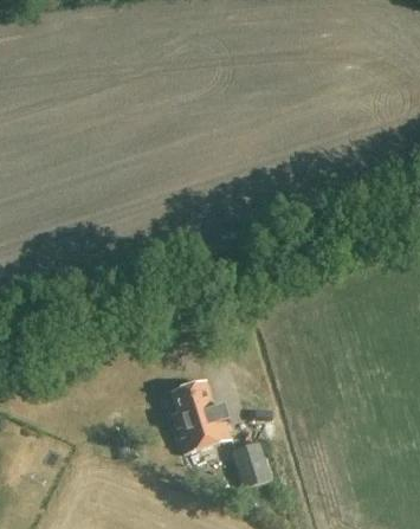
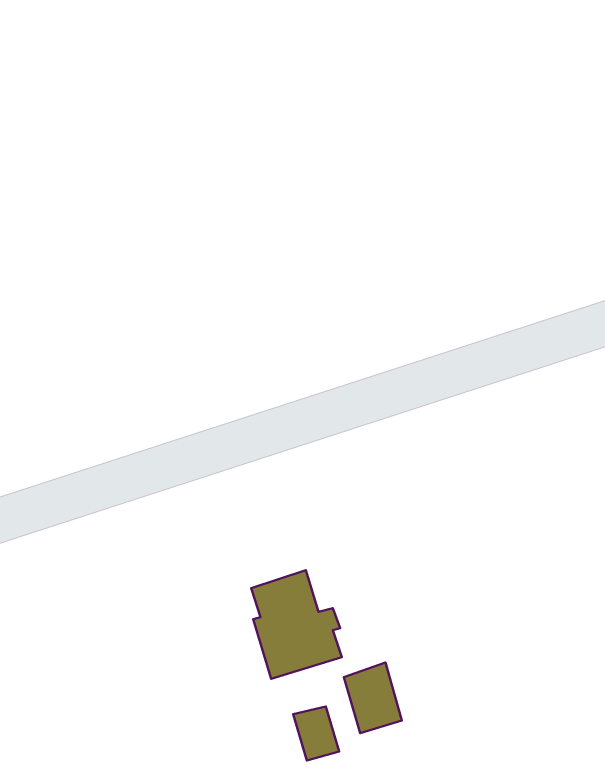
building: none -> [293,706,339,761]

